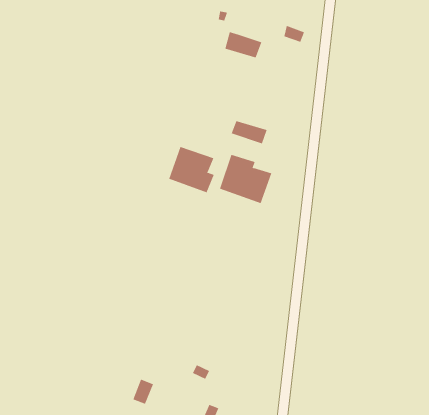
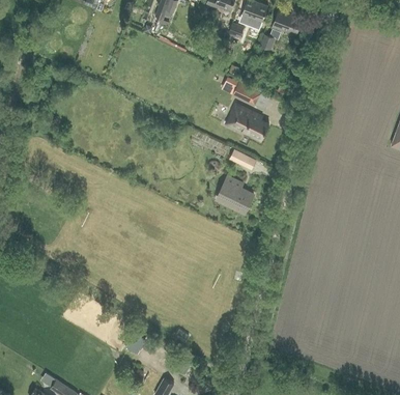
building: none -> [227,102,270,140]
building: [169,146,214,193] -> none

